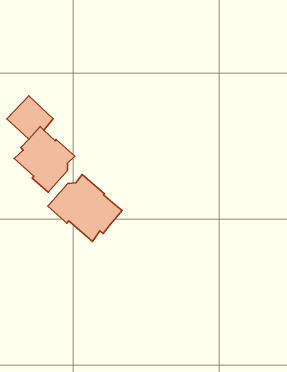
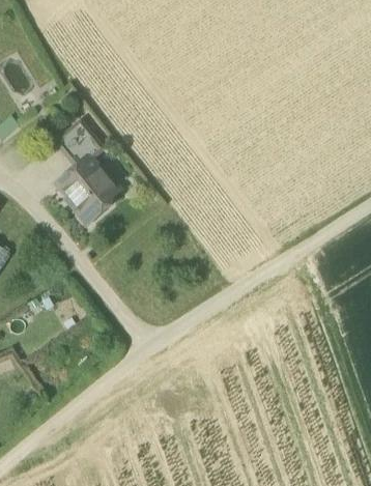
building: [48,174,122,241] -> none

